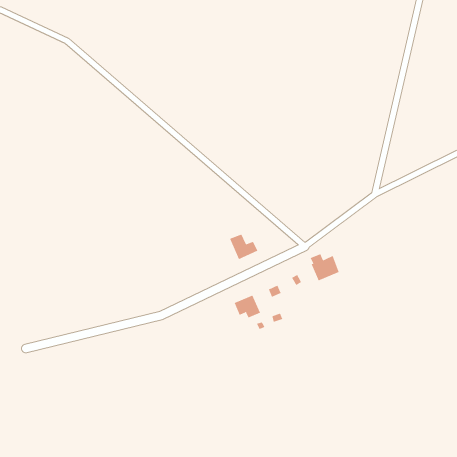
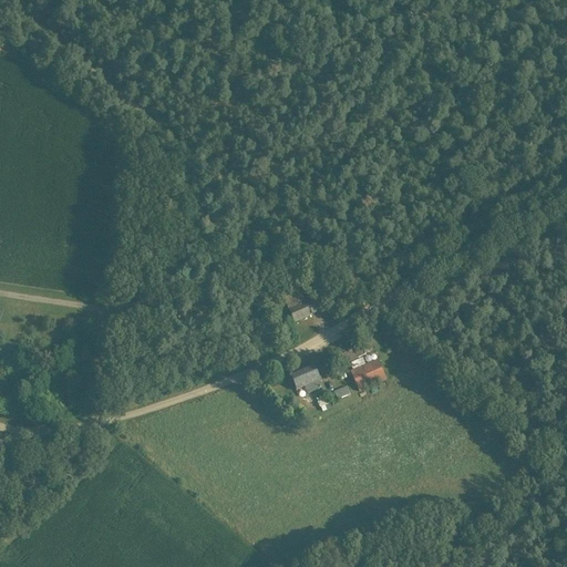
building: [310,254,340,281] -> [351,357,388,391]

